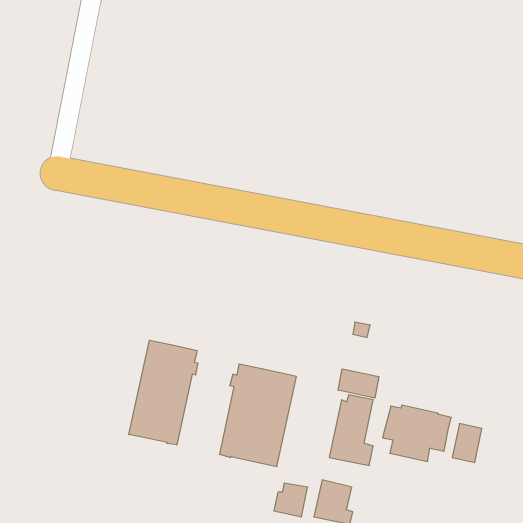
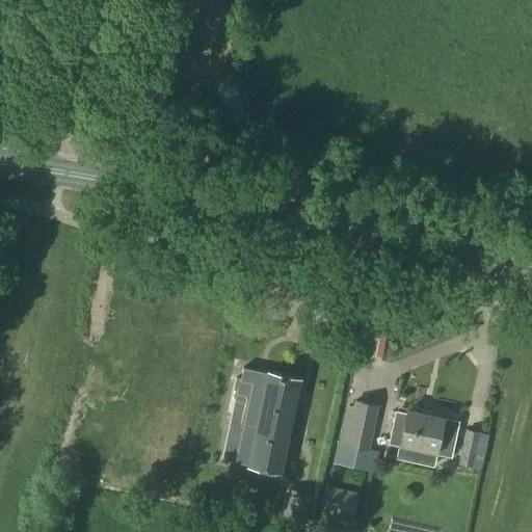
building: [129,340,198,445] -> none
building: [338,369,379,398] -> none

